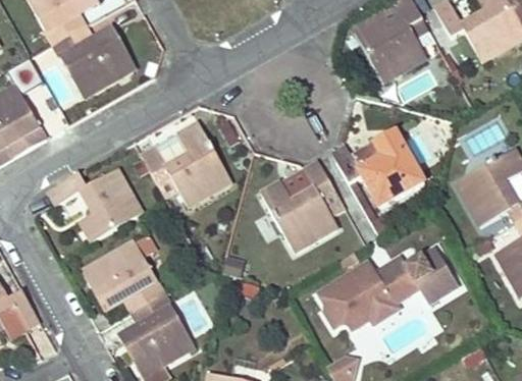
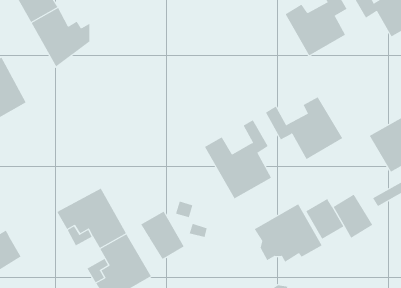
building: [141,120,232,206] -> none
building: [48,166,143,238] -> none
building: none -> [141,211,185,260]

